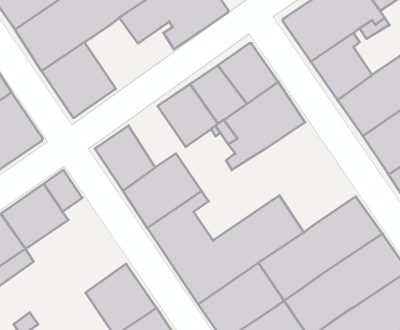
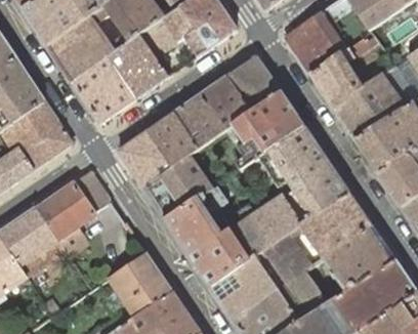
building: none -> [110,35,169,97]
building: none -> [149,113,199,167]
building: none -> [259,127,349,218]

